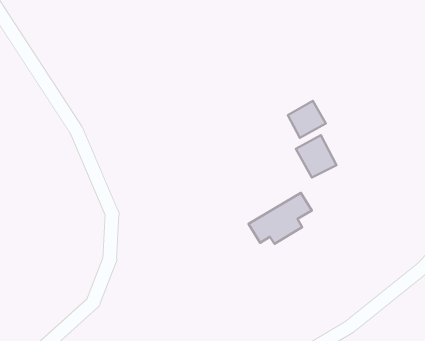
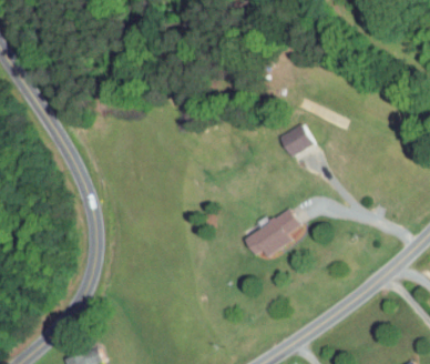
building: [296,135,336,178] -> none

